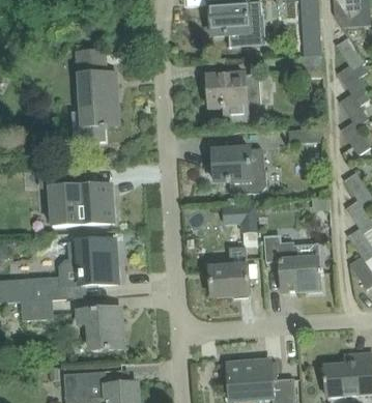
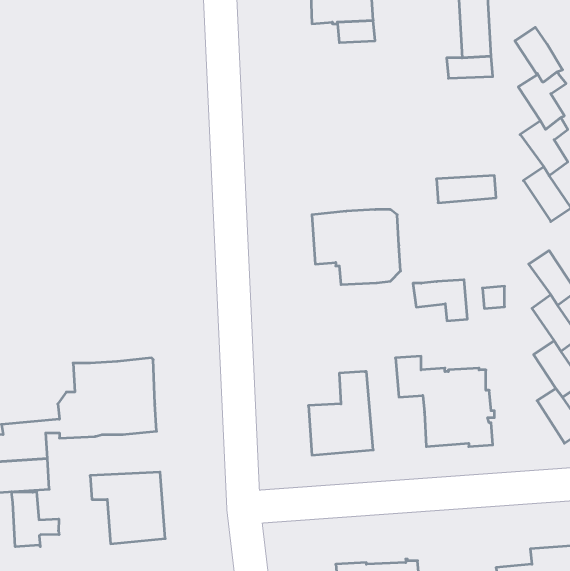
building: [74,51,118,142] -> none
building: [207,74,261,124] -> none
building: [40,167,114,226] -> none
building: [223,206,256,231] -> [413,280,467,321]
building: none -> [12,492,59,547]

